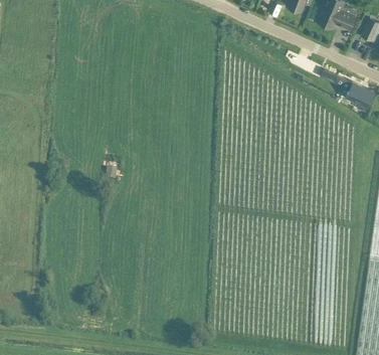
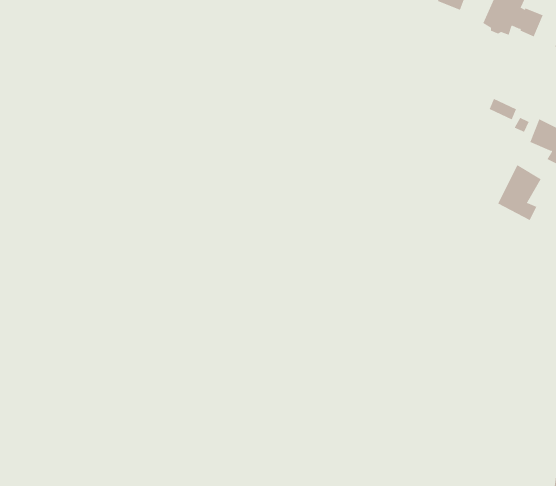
building: none -> [497,164,541,221]

